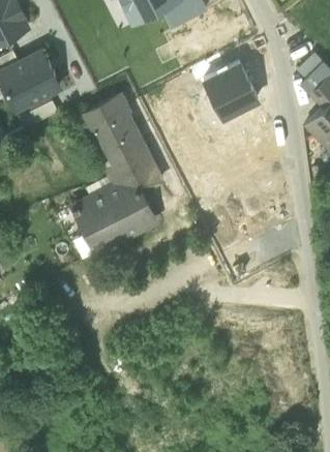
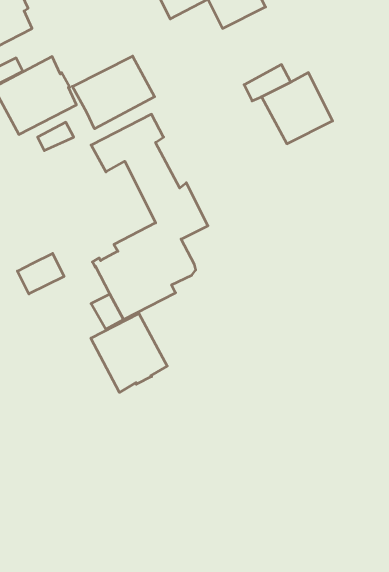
building: none -> [72,56,155,129]
building: none -> [17,253,64,294]
building: none -> [91,314,167,392]

